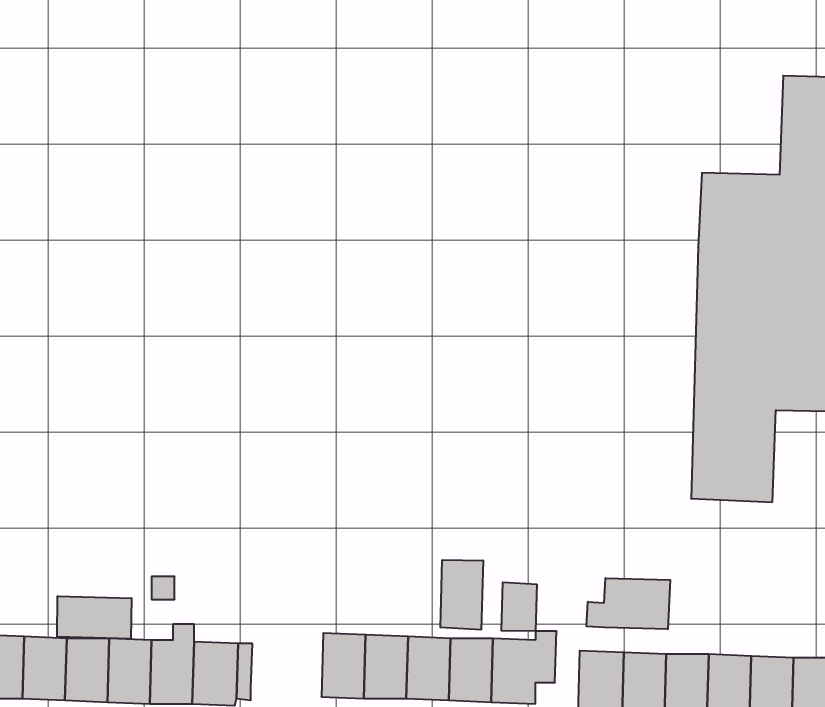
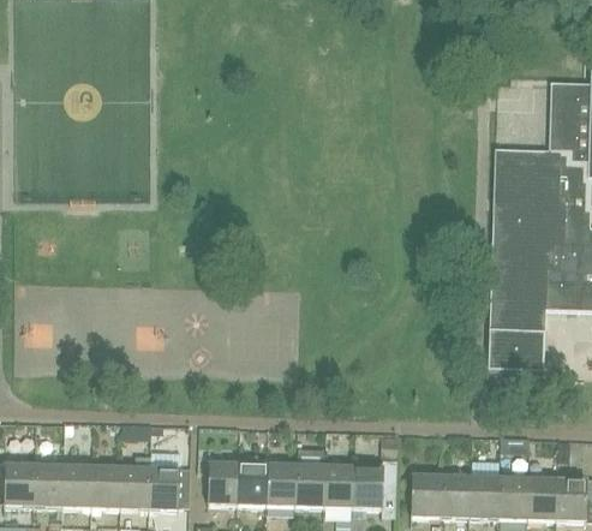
building: [440,560,483,630] -> none
building: [587,578,670,629] -> none
building: [501,582,537,631] -> none
building: [57,596,131,639] -> none
building: none -> [209,460,239,503]

